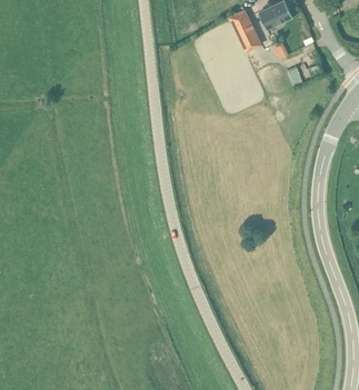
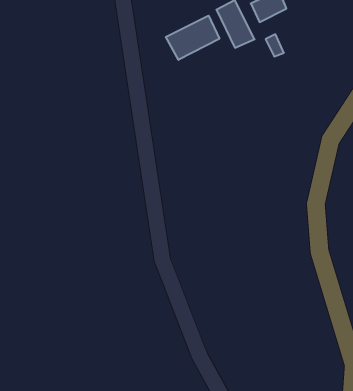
building: none -> [166,16,219,60]

